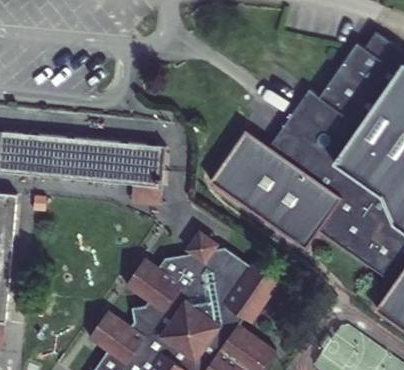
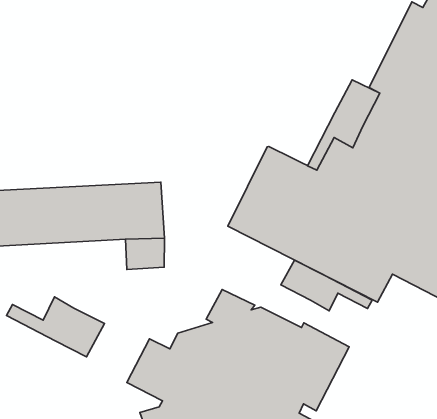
building: none -> [281,260,372,311]
building: none -> [6,297,104,357]

